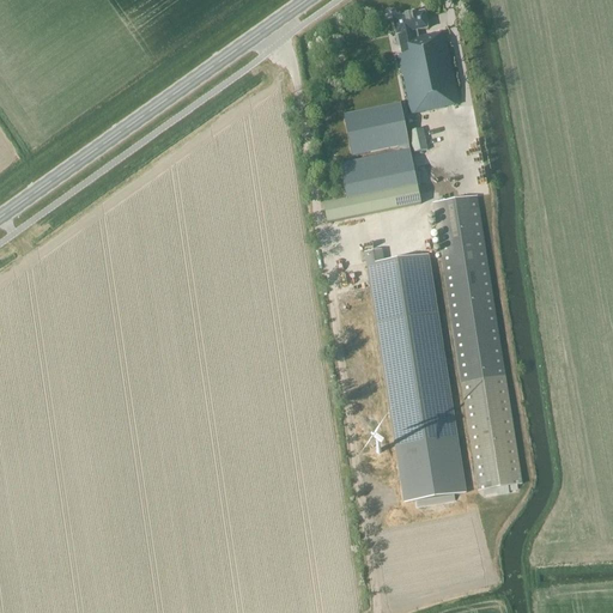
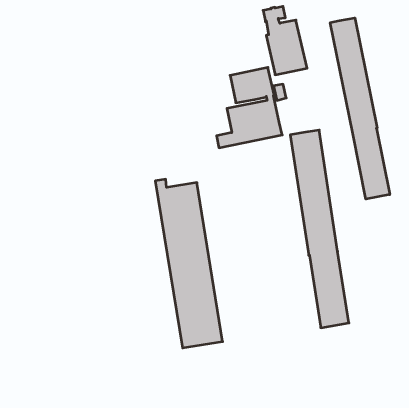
building: none -> [330,18,390,199]
building: [366,248,467,499] -> [155,179,223,348]

